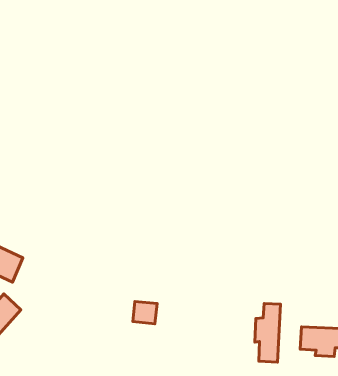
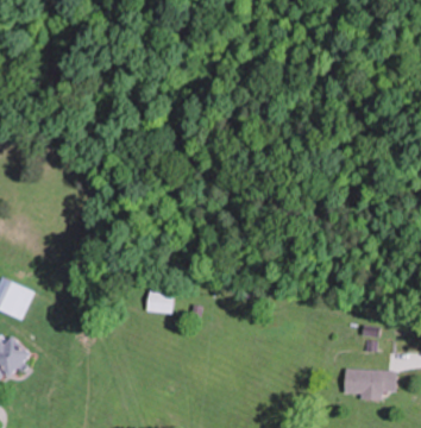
building: [133,301,157,324] -> [147,289,175,314]
building: [255,303,280,362] -> none

